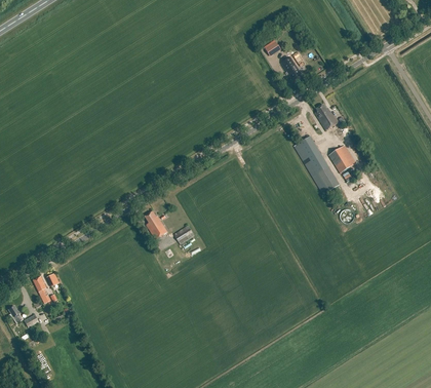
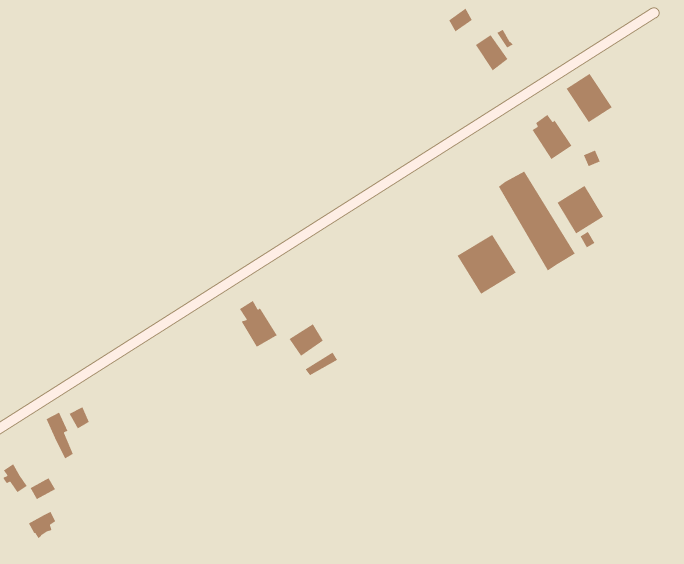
building: none -> [565,73,613,123]
building: none -> [456,234,517,295]

